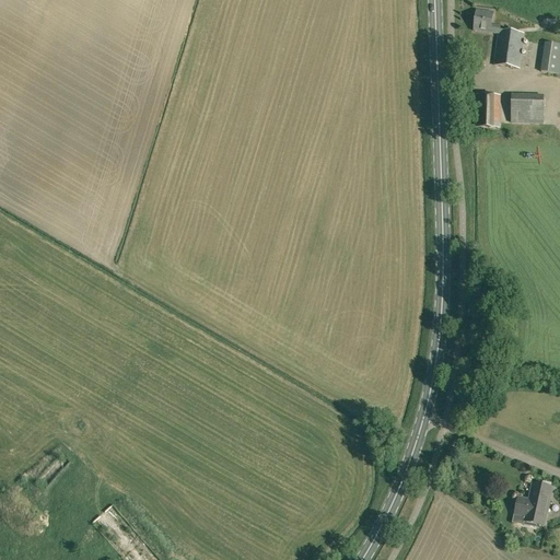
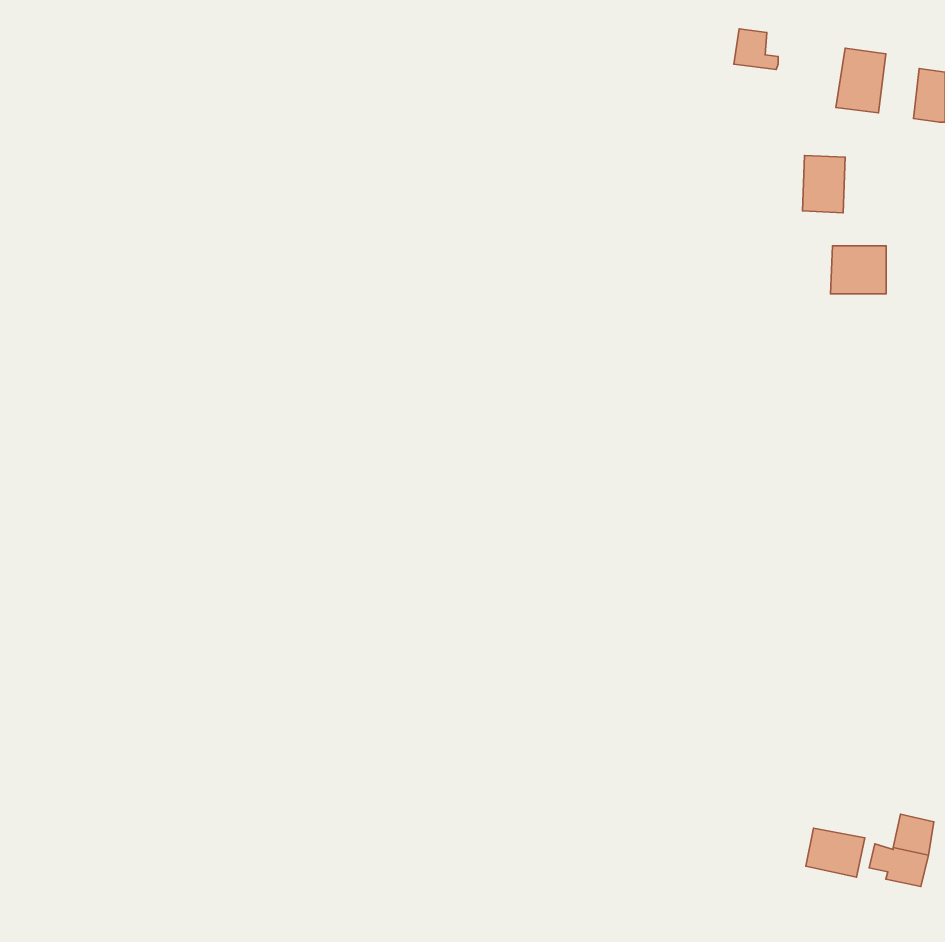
building: [474,8,500,32] -> [734,29,778,70]
building: [511,93,544,121] -> [831,246,886,294]
building: none -> [806,828,865,877]

